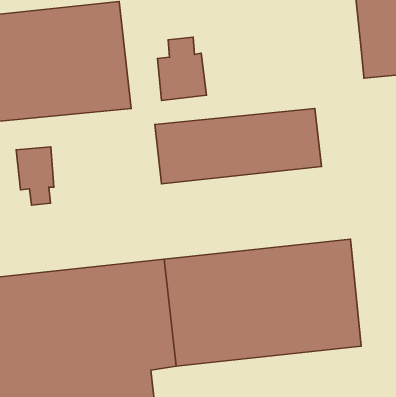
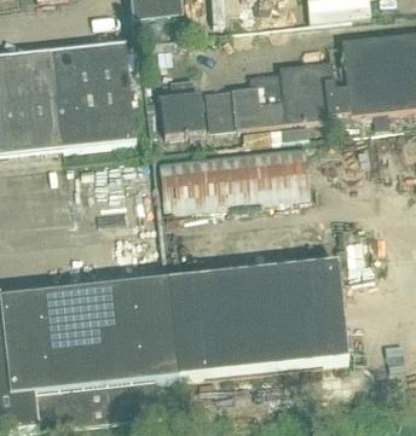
building: none -> [210,58,349,127]
building: [16,147,54,205] -> none

